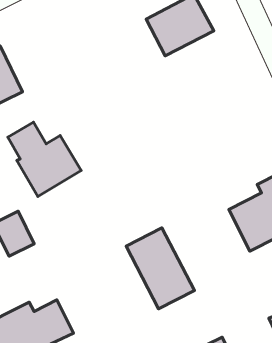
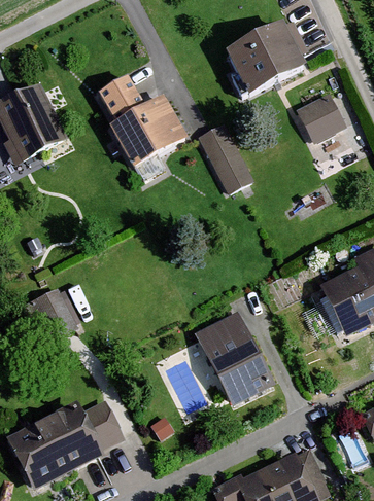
building: none -> [296,91,347,143]
building: none -> [201,124,254,194]
building: [8,122,81,196] -> [94,76,184,168]

